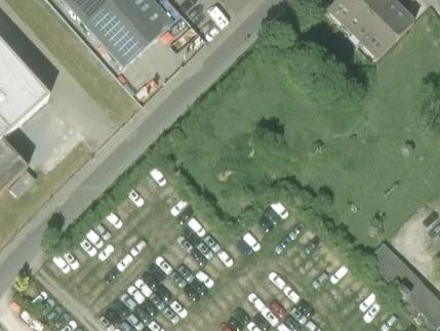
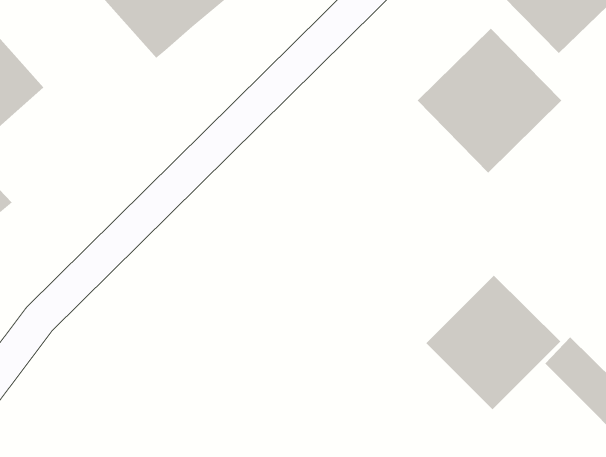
building: none -> [417,28,562,173]
building: none -> [425,275,561,410]

